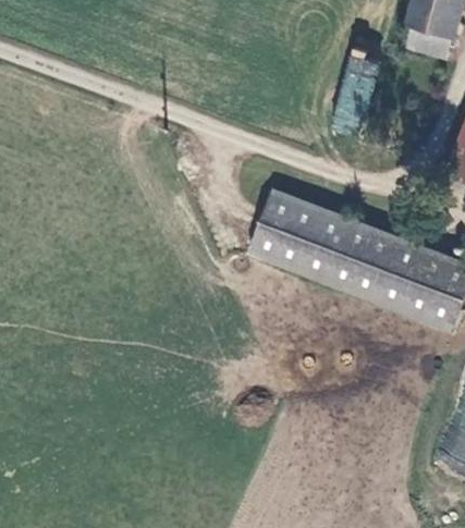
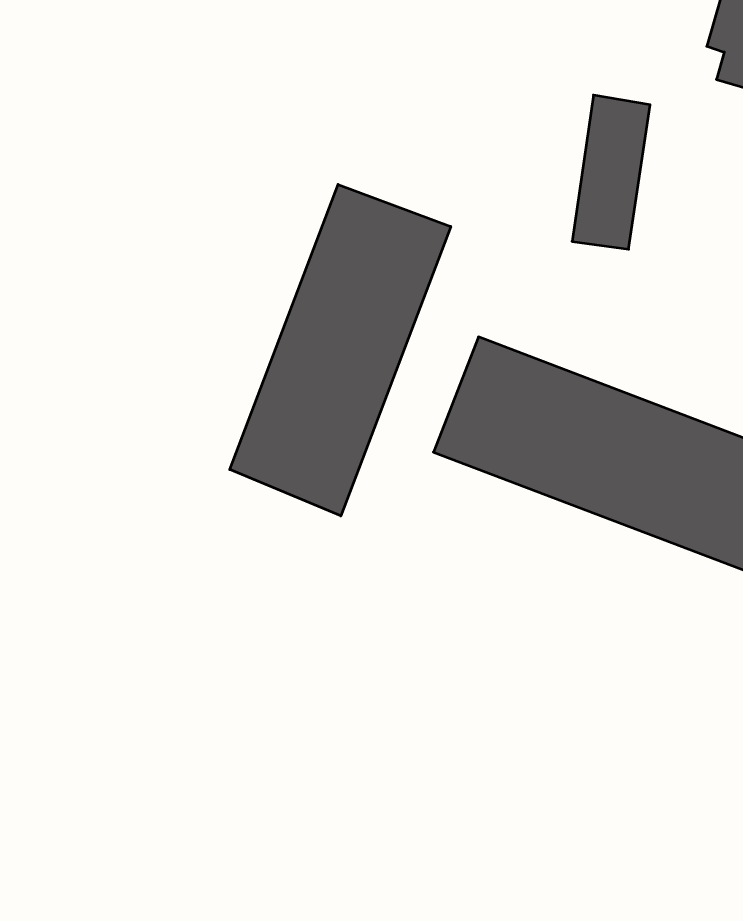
building: none -> [230,184,451,516]

